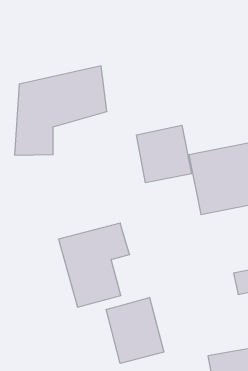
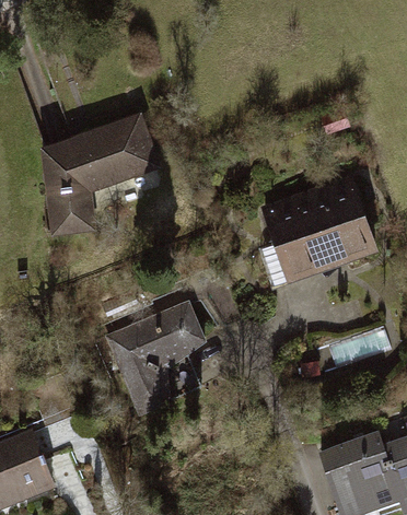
building: [136,125,191,183] -> none
building: [106,297,164,363] -> none

